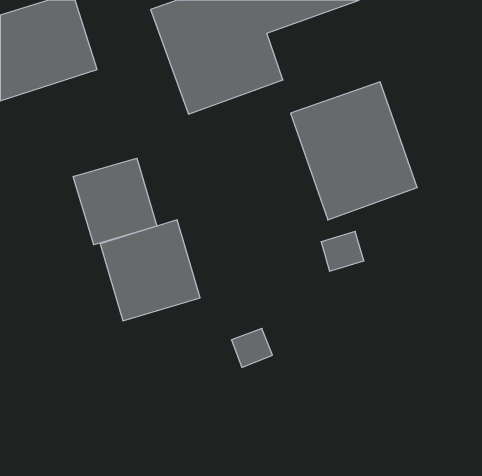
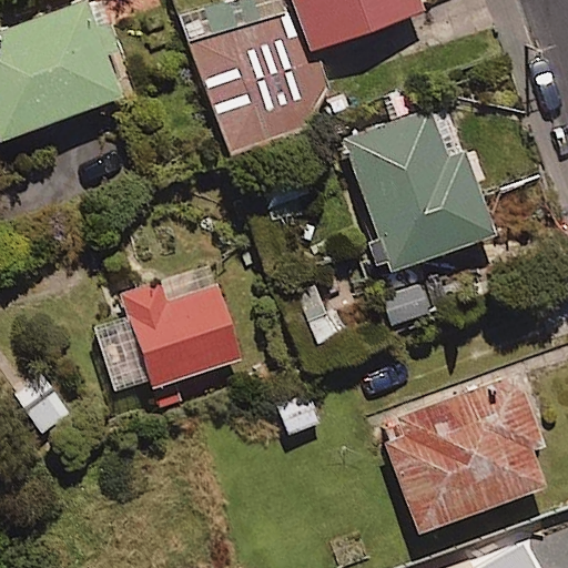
building: [73,158,157,245] -> none
building: none -> [386,383,545,528]

